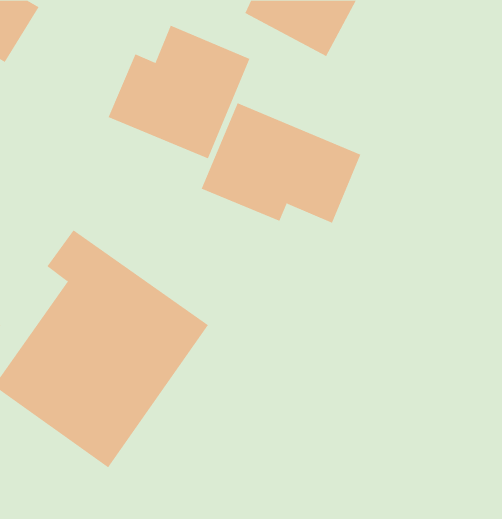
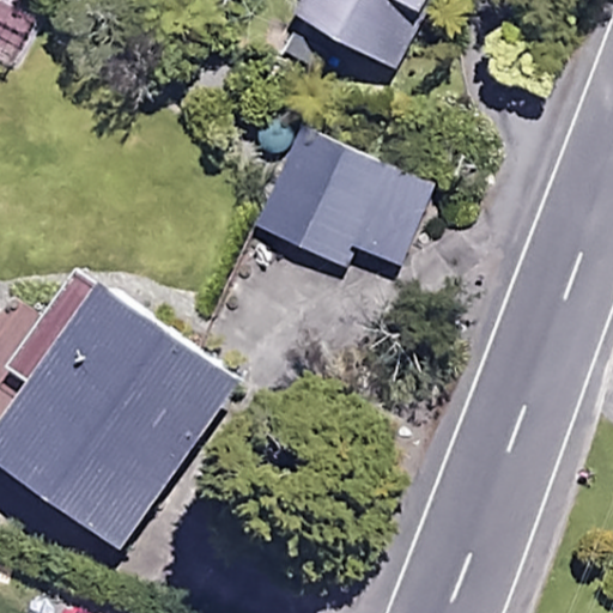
building: [108,25,250,159] -> none

